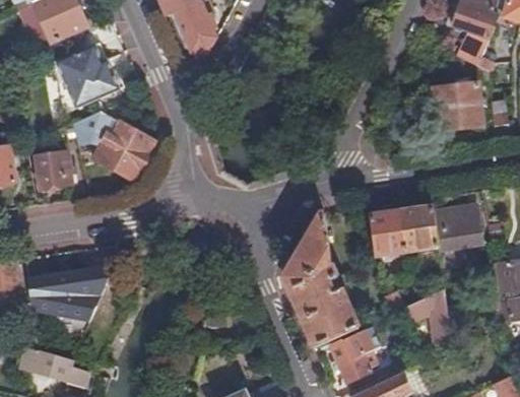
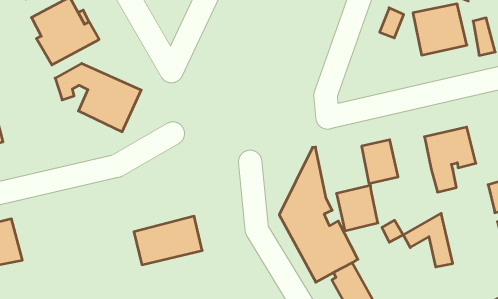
building: [35,151,71,188] -> none
building: [399,207,438,250] -> [336,186,378,231]
building: [28,268,94,312] -> [134,216,202,265]

